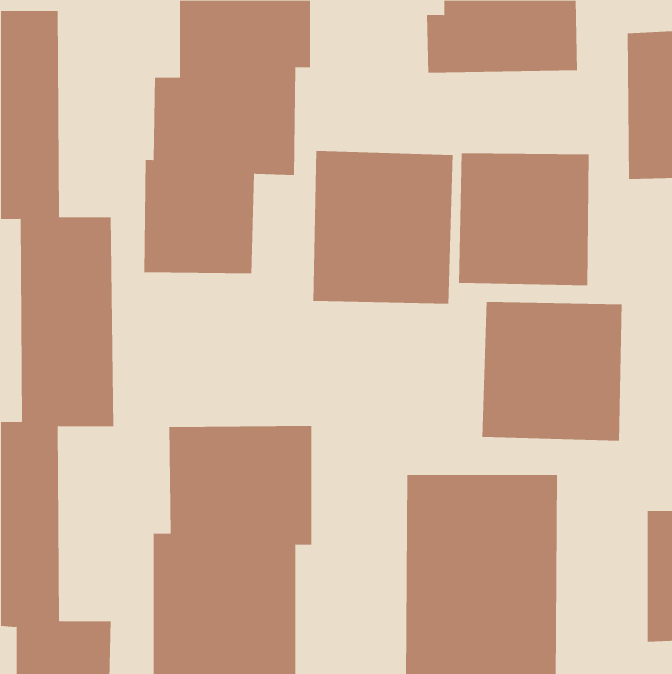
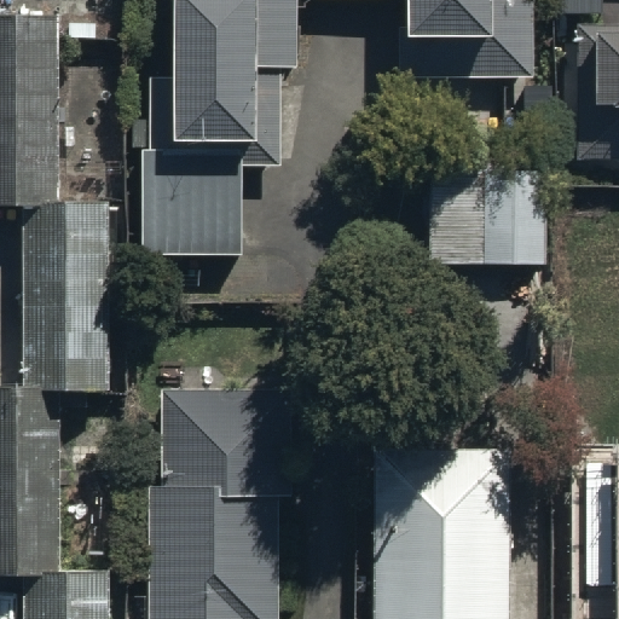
building: [313,150,453,304] -> none
building: [482,301,622,442] -> none

